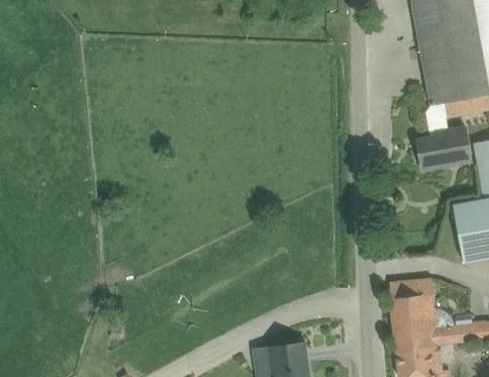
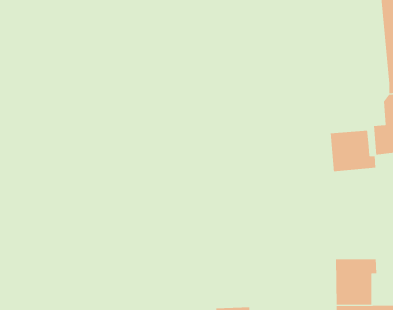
building: none -> [330,130,376,172]

